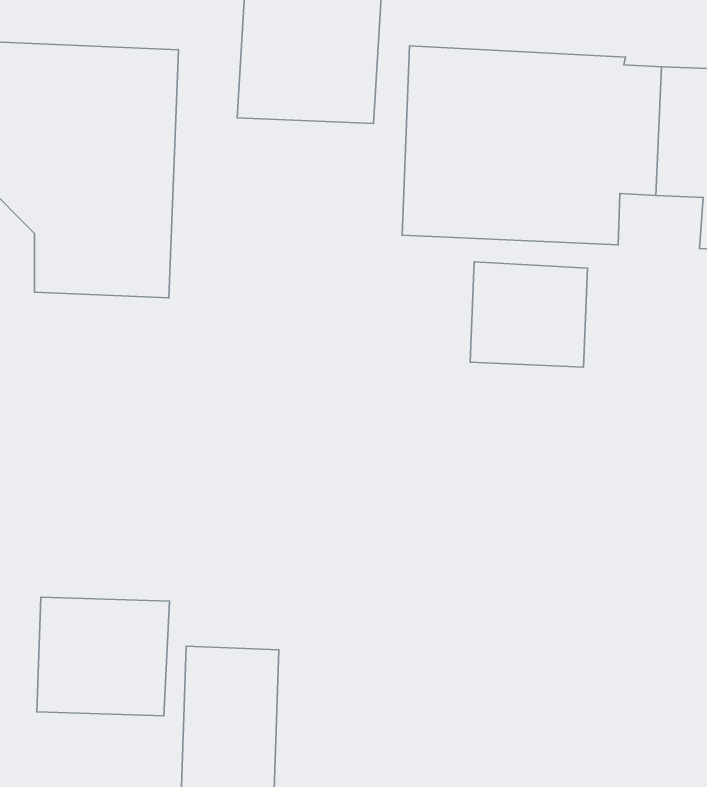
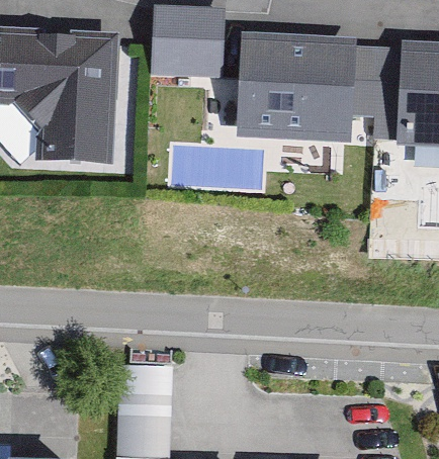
building: [470,262,587,367] -> none
building: [37,597,169,716] -> none

